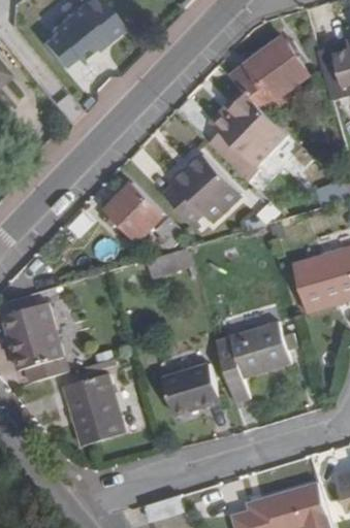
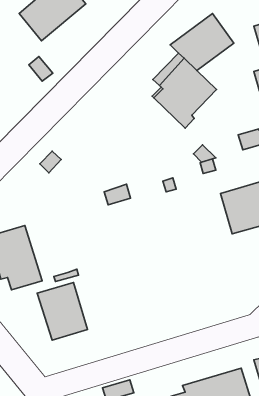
building: [163,154,242,224] -> none
building: [104,182,187,246] -> none
building: [216,321,290,402] -> none
building: [162,363,220,415] -> none

